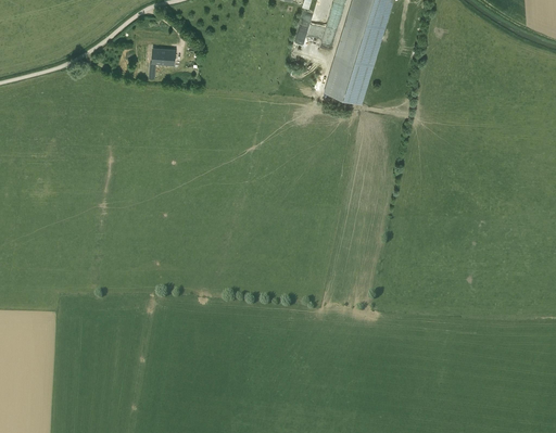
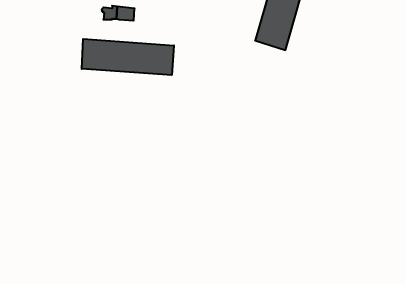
building: none -> [82,39,174,75]

